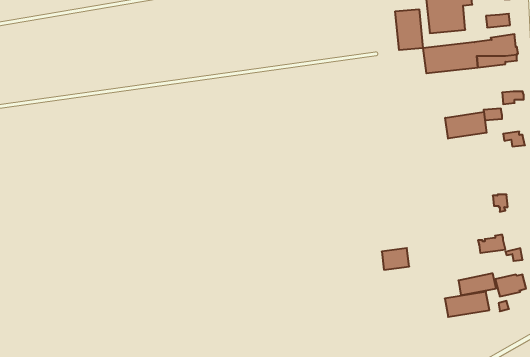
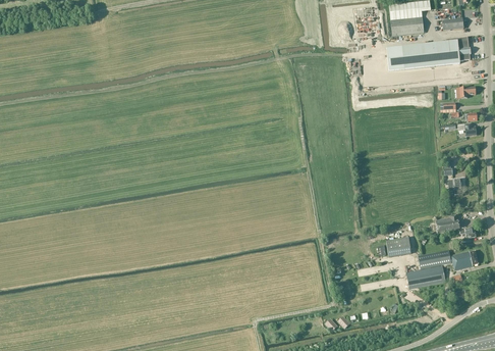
building: [395,9,423,50] -> none
building: [445,112,487,139] -> none
building: [382,248,409,270] -> [386,237,410,256]

